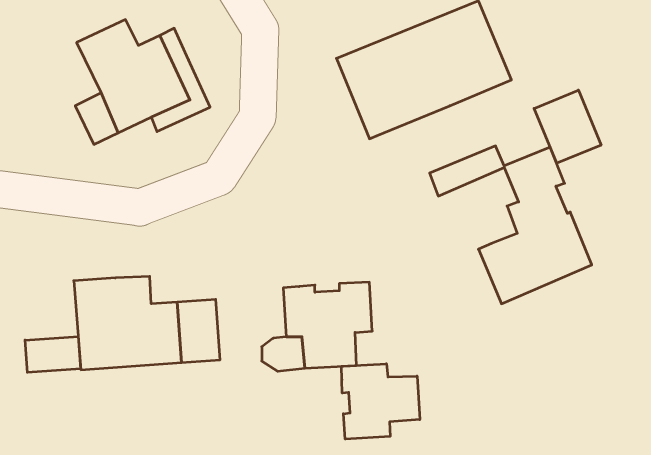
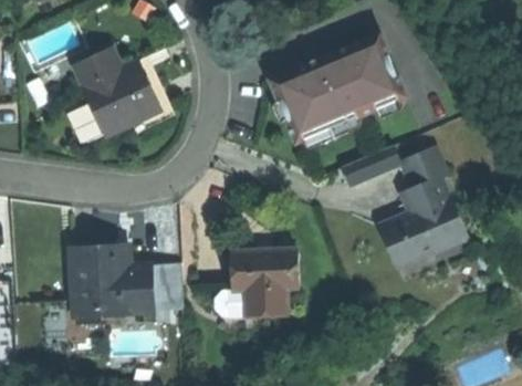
building: [534,90,601,163] -> none
building: [25,336,80,372] -> none
building: [342,364,420,439] -> none

